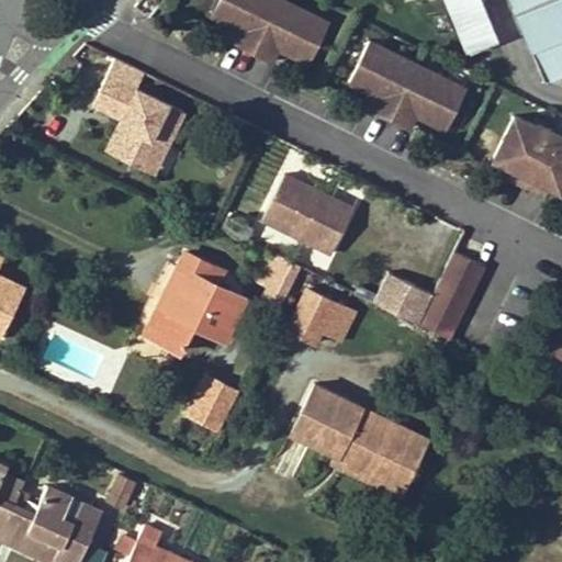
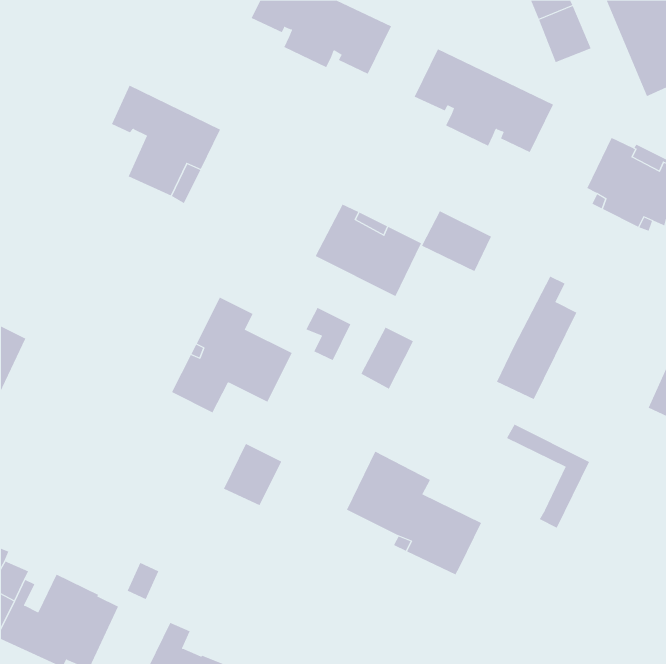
building: [373,272,432,324] -> [421,210,492,272]
building: [357,406,427,494] -> [506,424,590,528]

